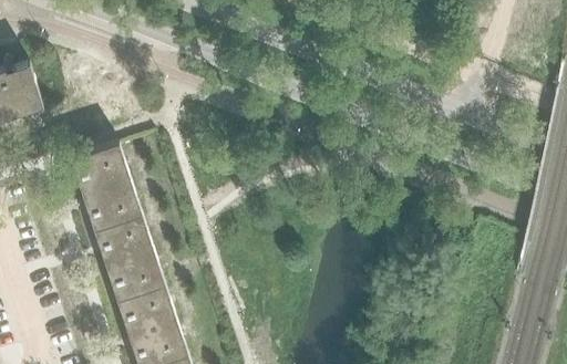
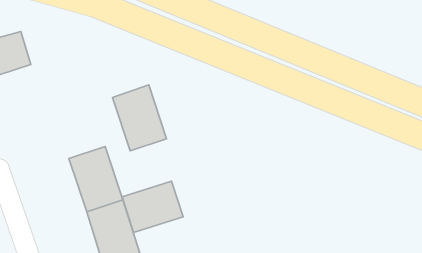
building: [69,138,140,225] -> [113,85,167,151]
building: none -> [122,181,183,233]

